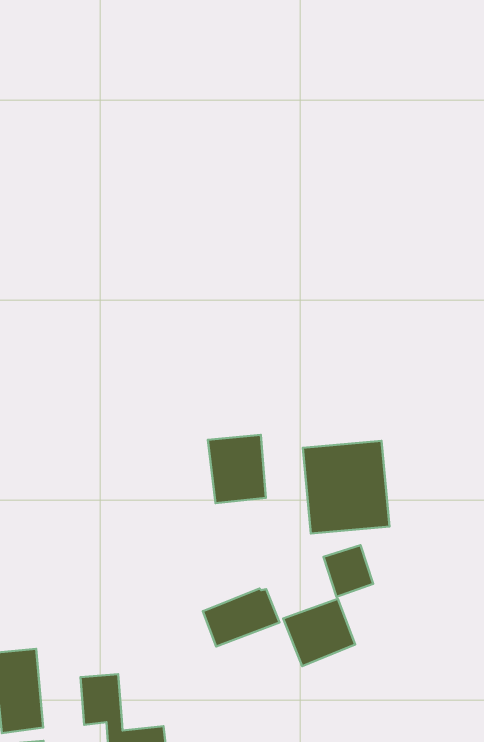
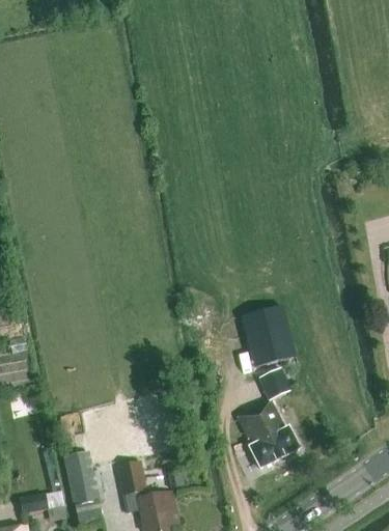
building: [208,435,266,503] -> none
building: [203,588,280,647] -> [250,428,298,467]

